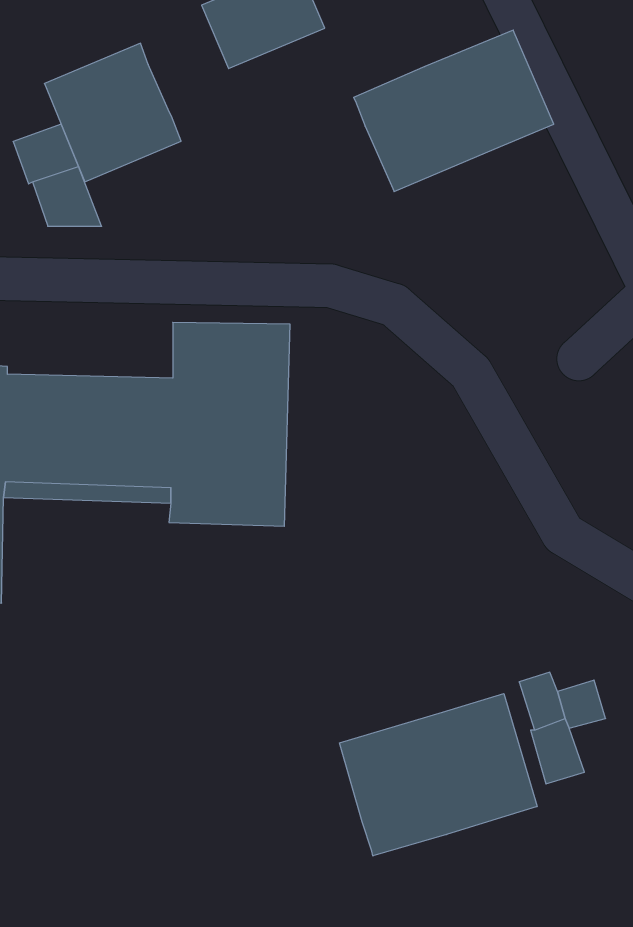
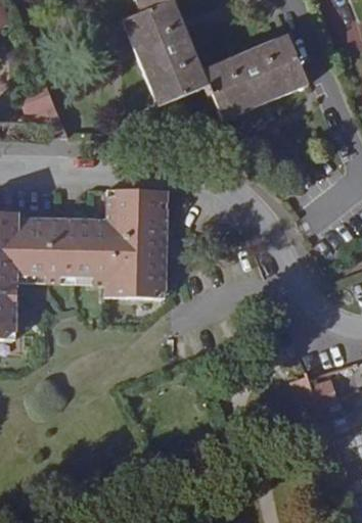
building: [44,43,181,182] -> [135,32,208,105]
building: [340,694,537,856] -> none

